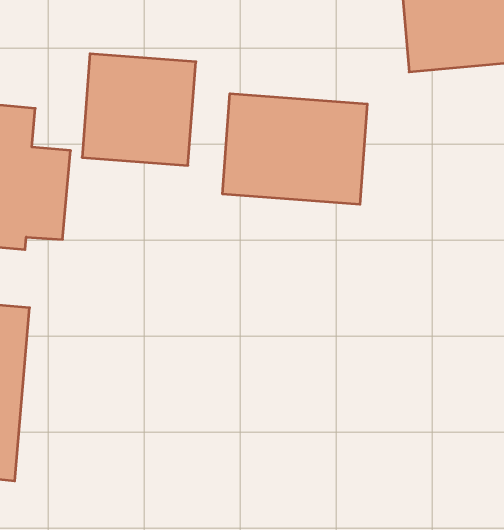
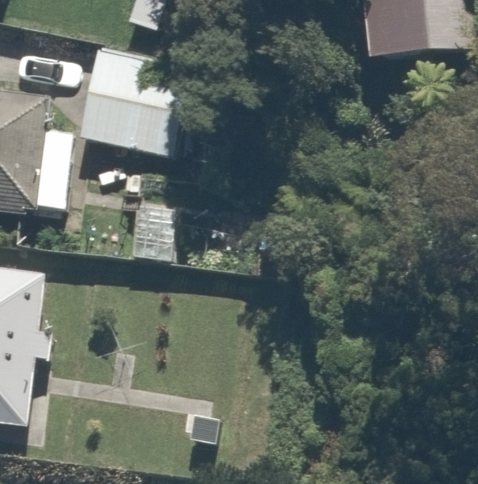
building: [223,94,367,204] -> none

